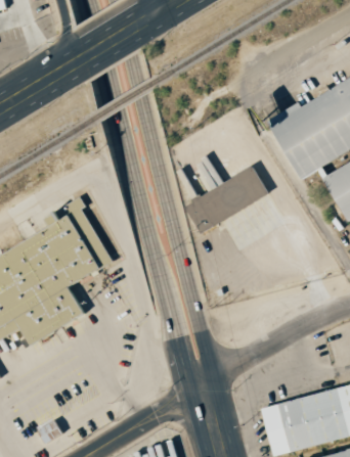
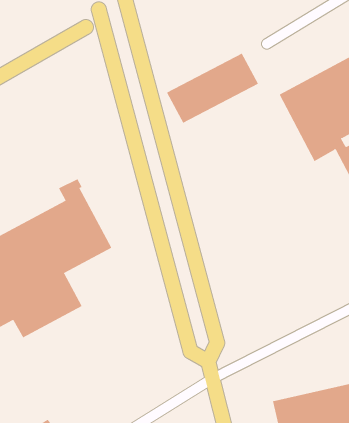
building: [183,168,269,233] -> [166,53,259,124]

